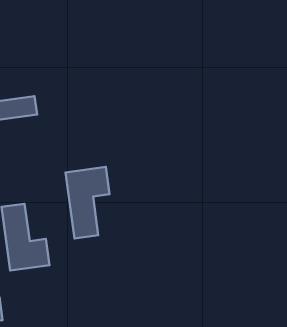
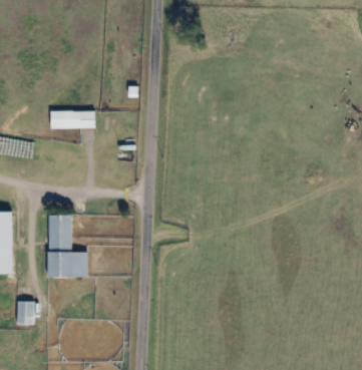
building: [65,167,110,238] -> none

